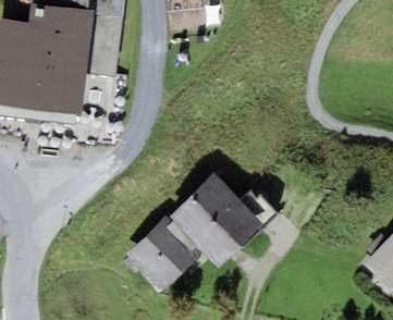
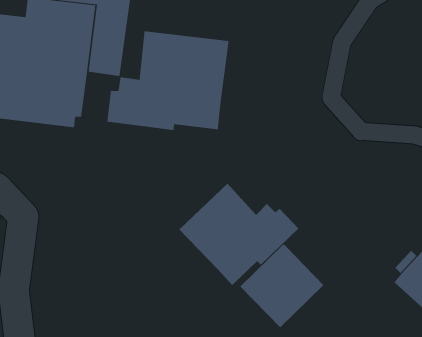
building: none -> [107,30,229,131]
building: [126,212,204,290] -> [239,243,324,328]

